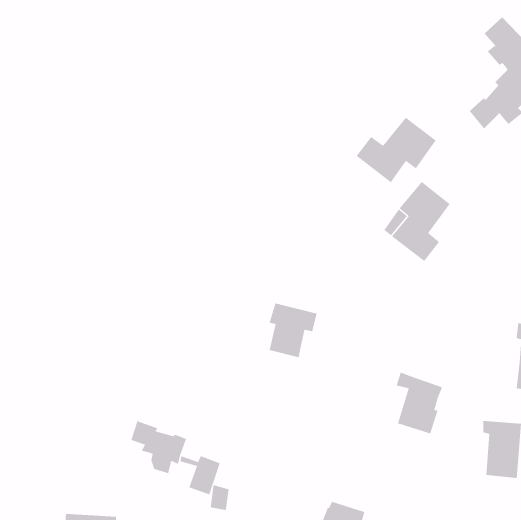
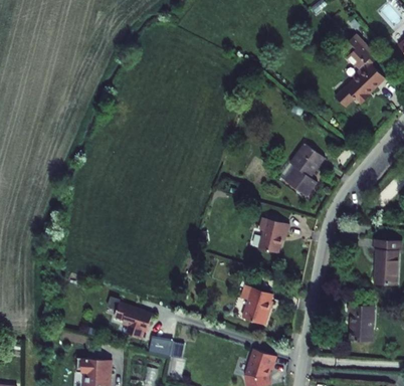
building: [356,117,437,183] -> none
building: [269,303,317,358] -> [257,218,289,254]
building: [396,372,443,434] -> [239,285,270,327]

